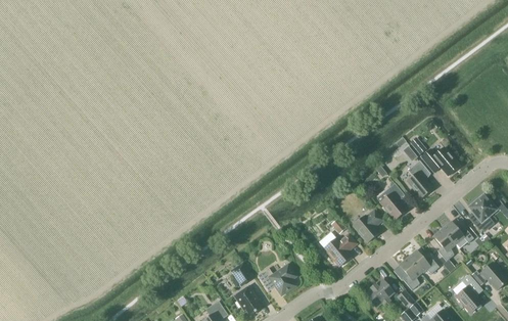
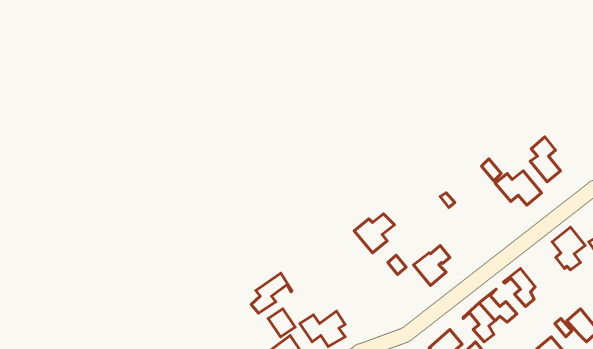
building: [407,161,432,198] -> [530,137,561,182]
building: [380,183,407,220] -> none
building: [443,217,473,248] -> none
building: none -> [251,273,292,313]
building: [324,234,358,267] -> [354,214,394,253]

